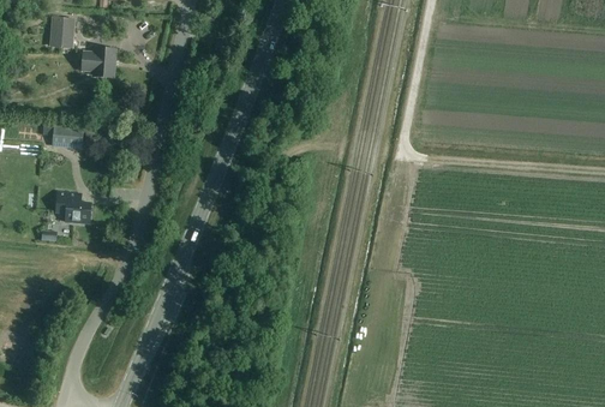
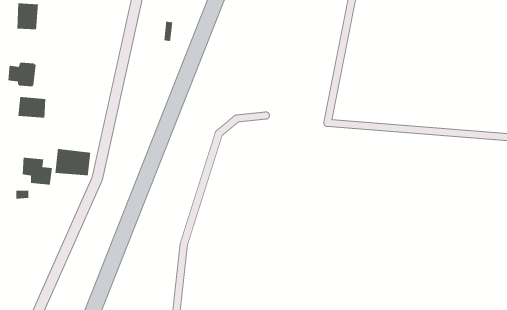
building: [82,49,114,78] -> [8,62,36,87]
building: none -> [55,148,91,176]

